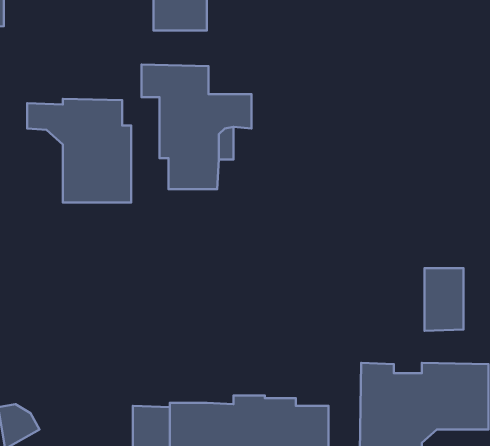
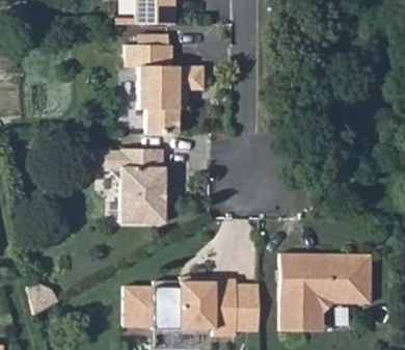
building: [27,99,131,203] -> [96,150,168,222]
building: [424,268,463,331] -> none

